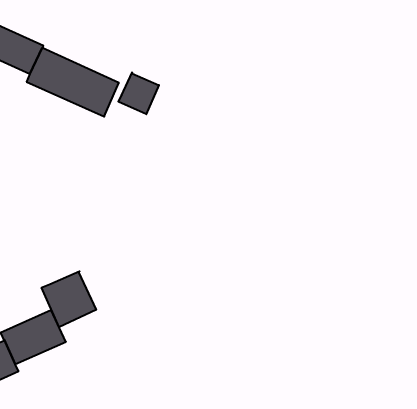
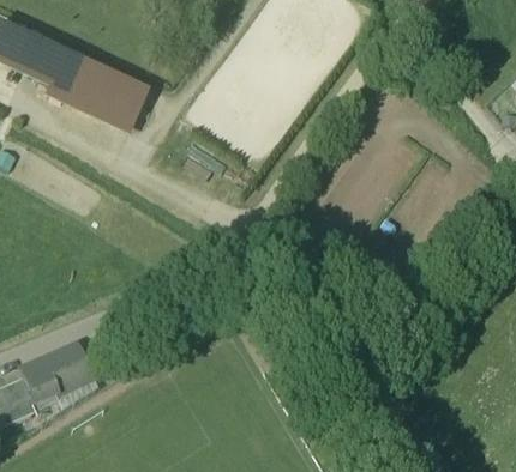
building: [118,72,159,114] -> none
building: [42,271,96,327] -> none

